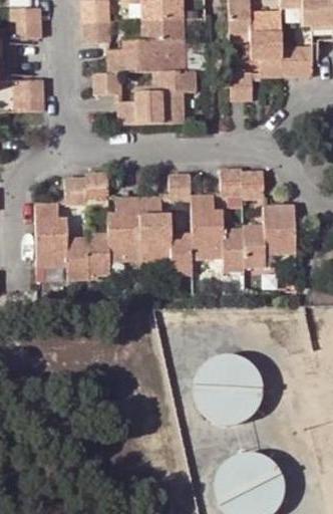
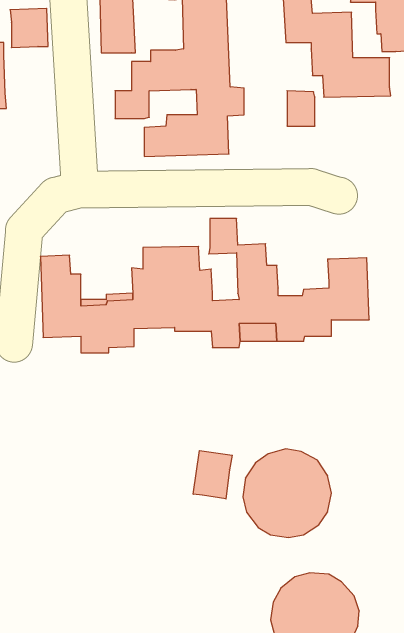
building: [13,79,43,110] -> none
building: [221,168,264,199] -> none
building: [64,172,108,206] -> none
building: none -> [193,451,232,499]

